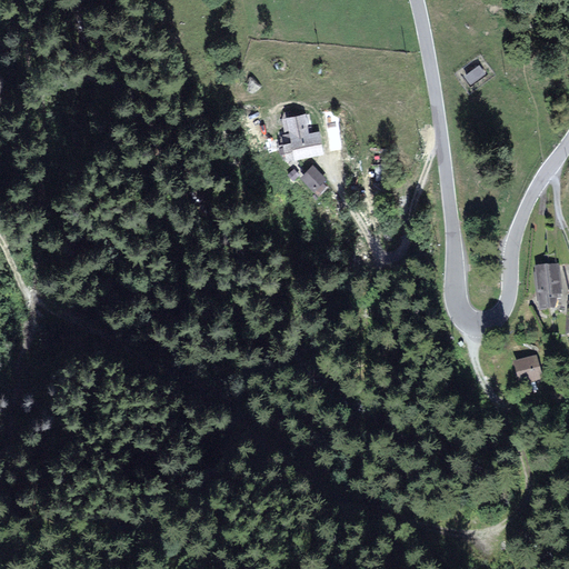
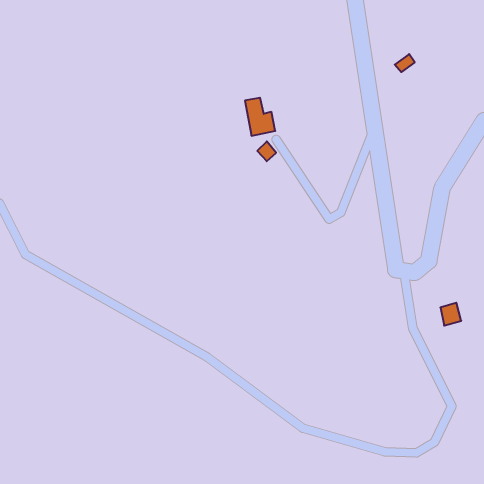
building: [535,262,560,306] -> none

